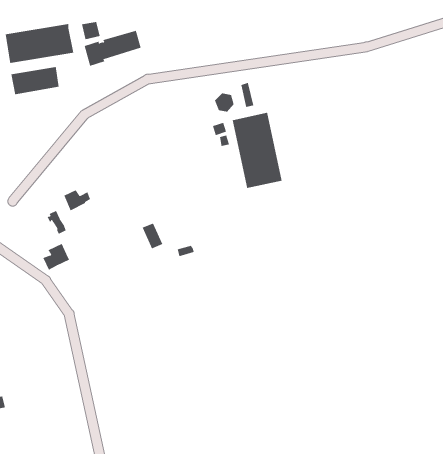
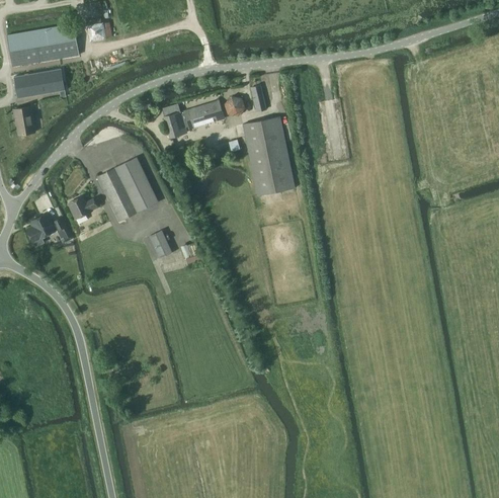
building: [84,30,141,66] -> [164,100,224,138]
building: none -> [14,106,34,135]
building: none -> [97,157,157,221]
building: [43,243,70,271] -> [25,214,54,242]

